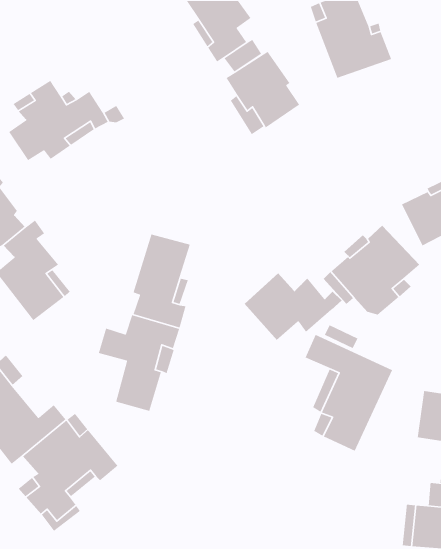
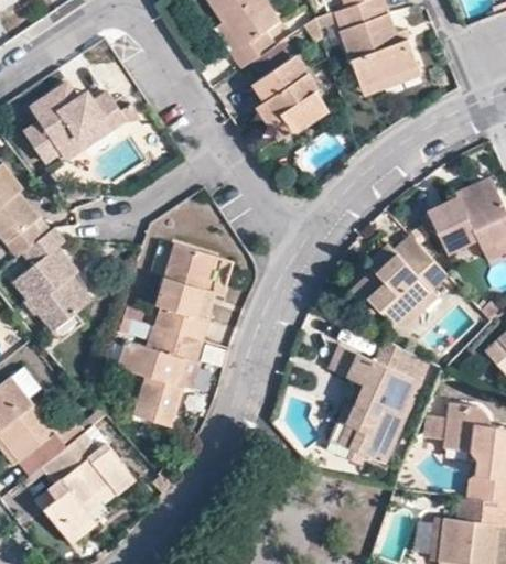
building: [244,272,343,341] -> none

